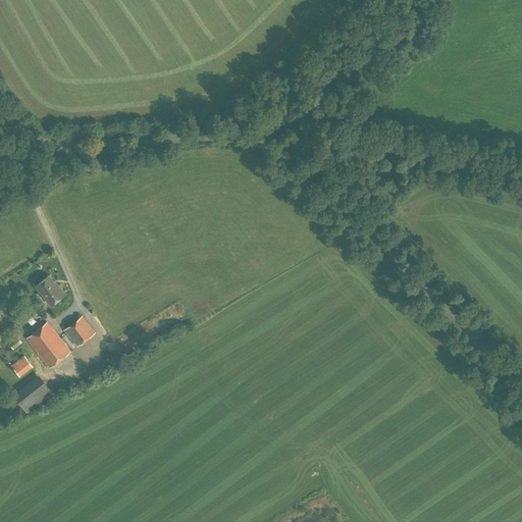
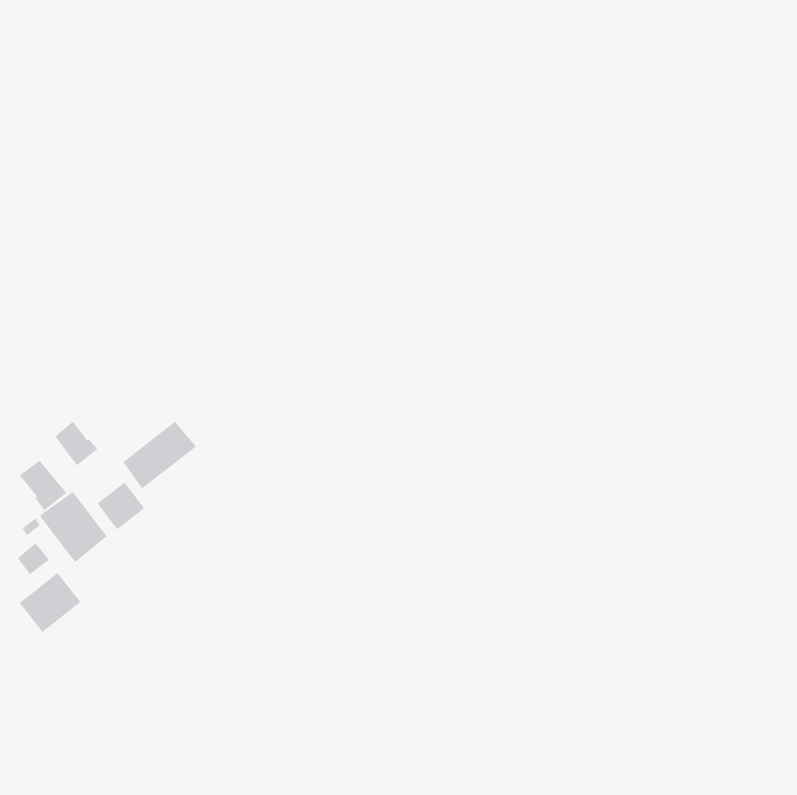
building: none -> [122,421,197,489]
building: none -> [19,460,67,511]

